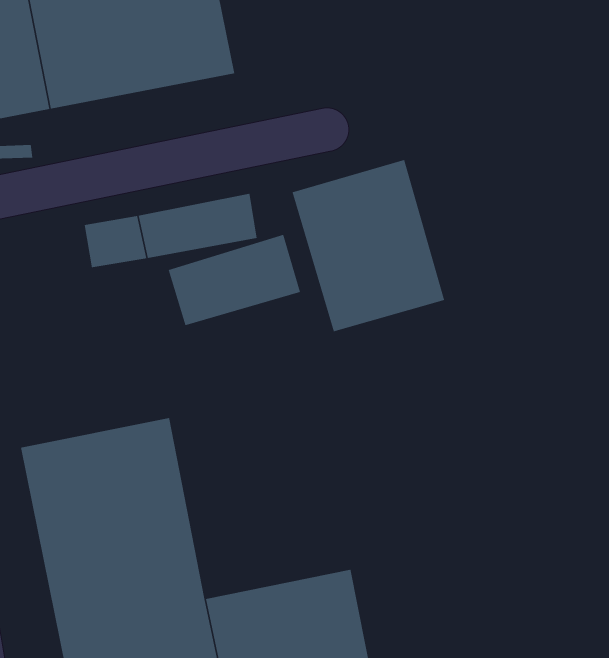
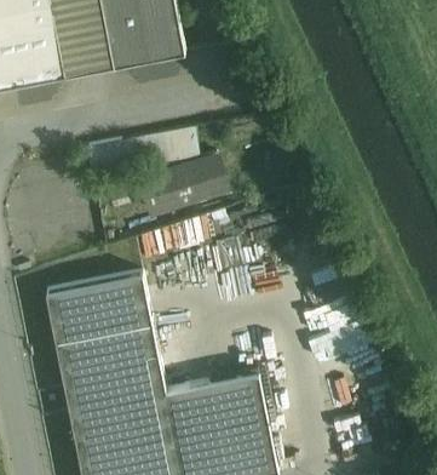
building: [292,159,445,332] -> none

